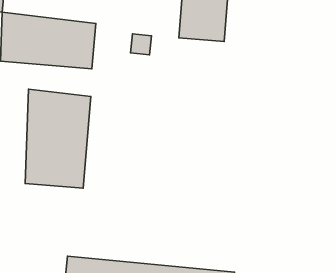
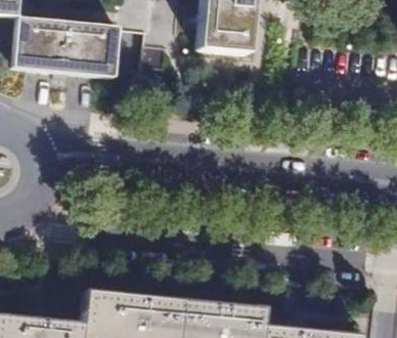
building: [25,89,91,188] -> none

